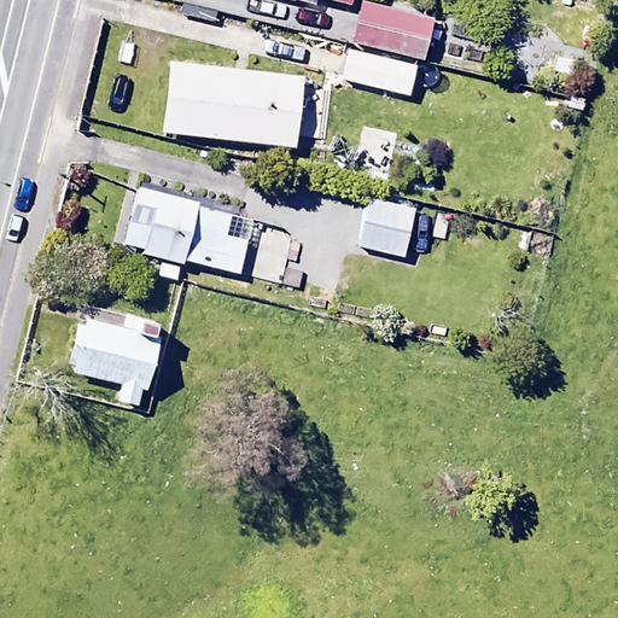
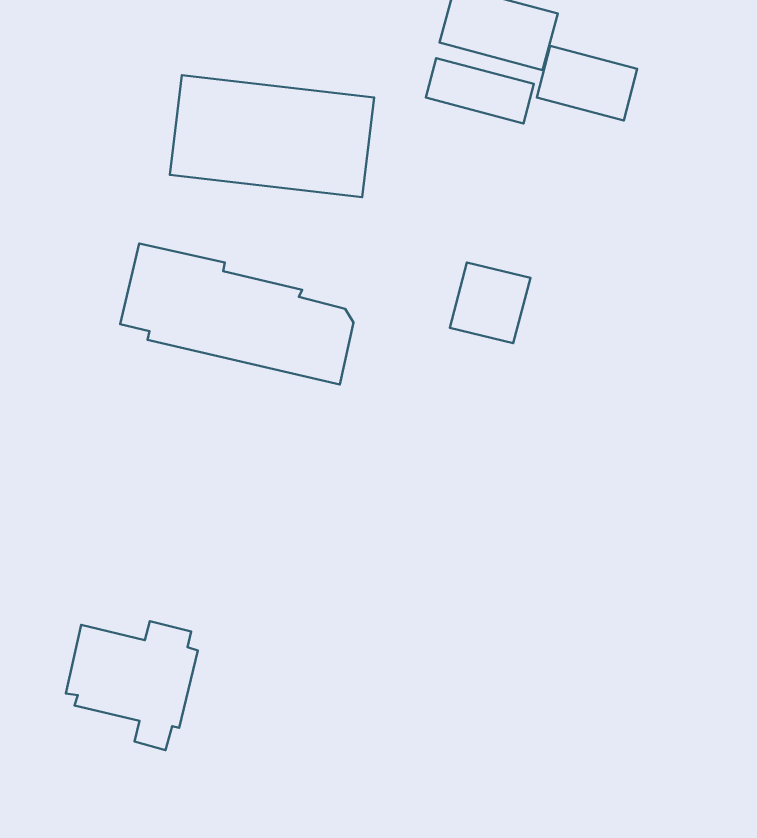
building: none -> [537,46,637,121]
building: [68,311,161,402] -> [66,621,198,750]

